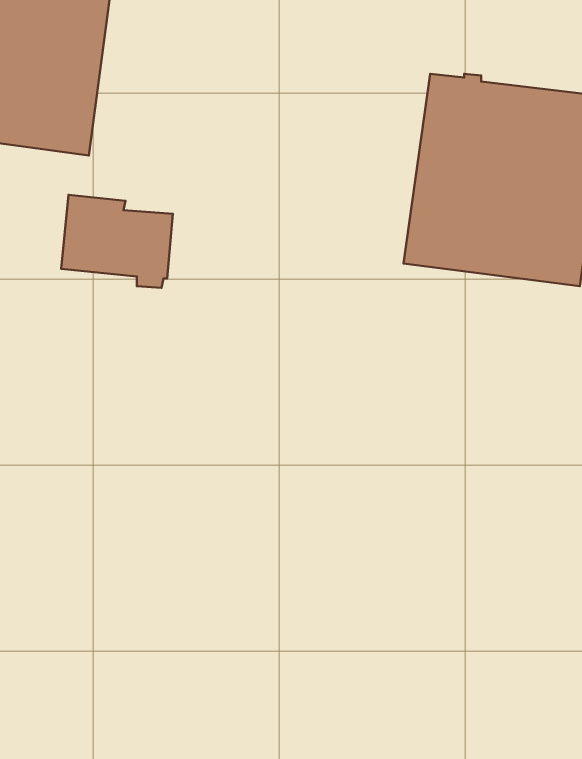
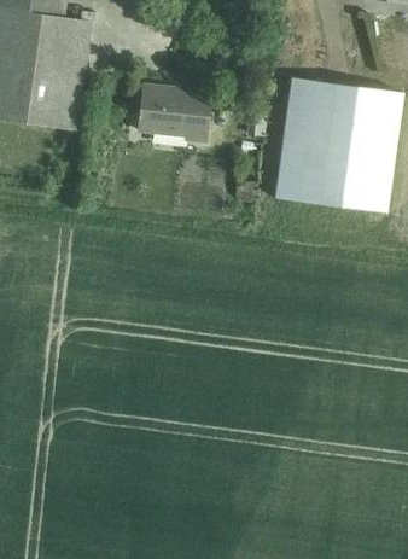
building: [61,195,173,288] -> [138,83,209,142]

